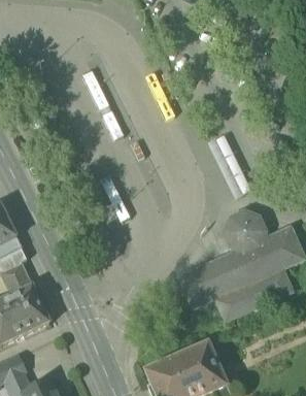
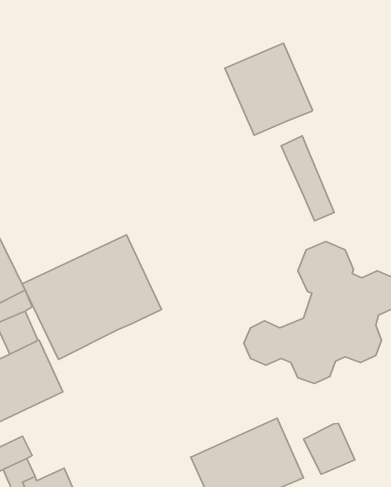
building: none -> [225,43,313,135]
building: none -> [22,235,162,360]
building: none -> [304,423,355,474]

